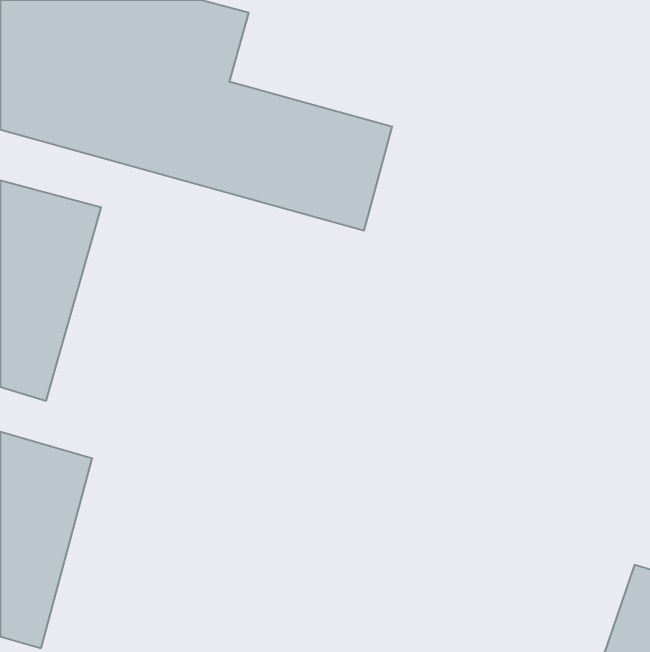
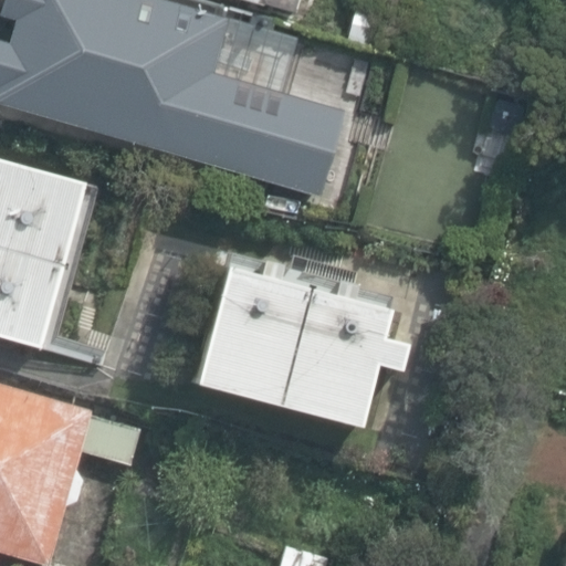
building: none -> [192,253,420,426]

